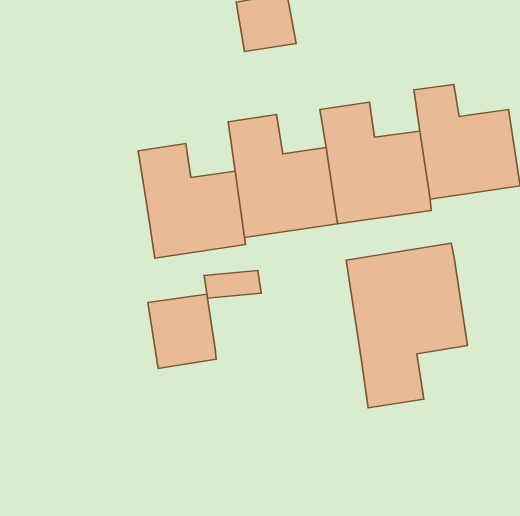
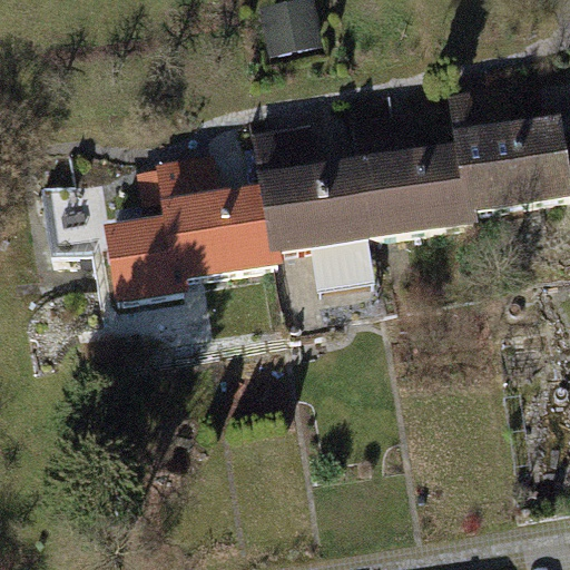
building: [346,243,468,408] -> none
building: [148,294,216,369] -> [102,219,176,299]

